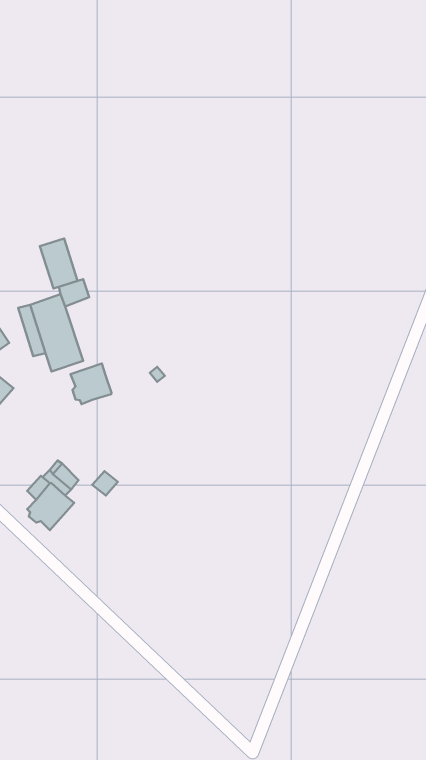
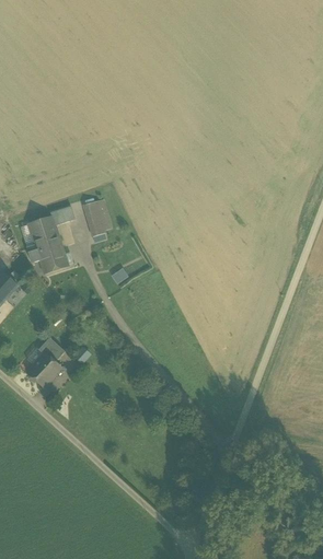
building: [40,239,78,288] -> [82,198,109,234]
building: [71,363,112,404] -> none

